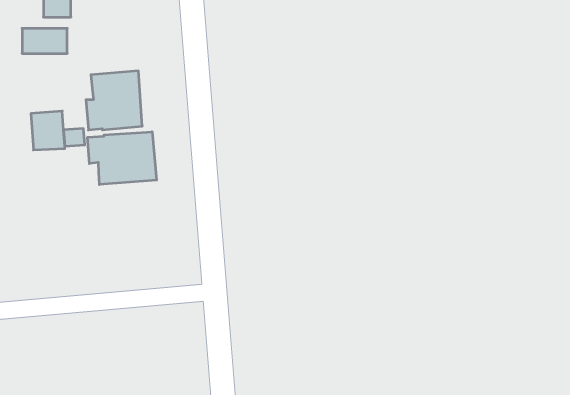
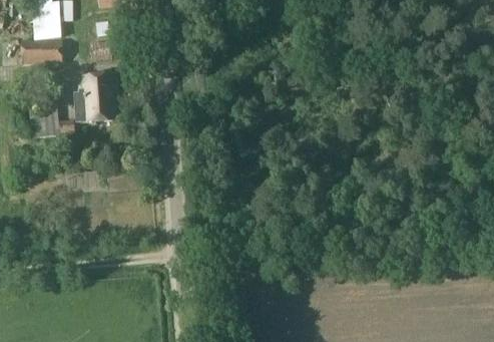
building: [88,132,157,185] -> none

